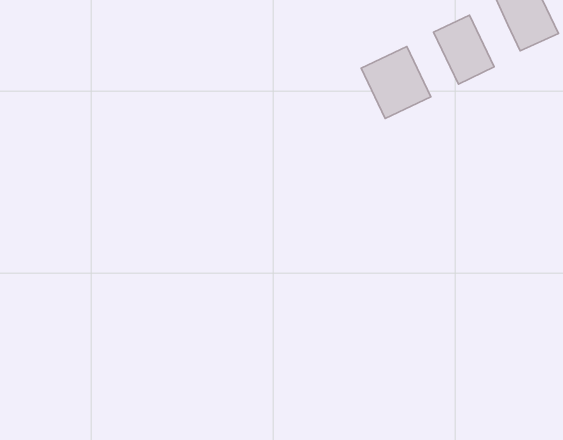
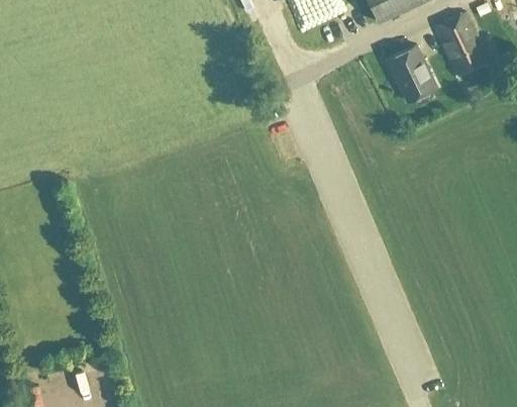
building: [361,47,431,118] -> none

